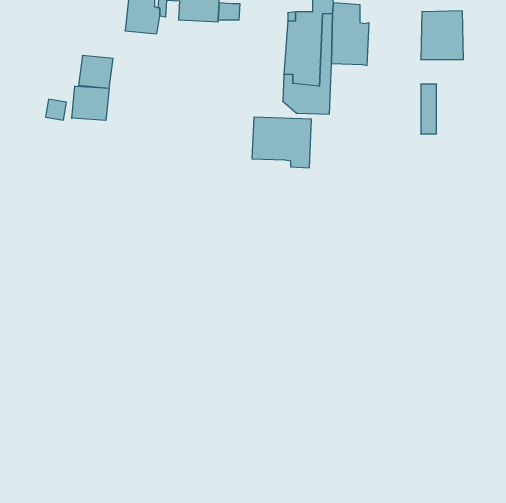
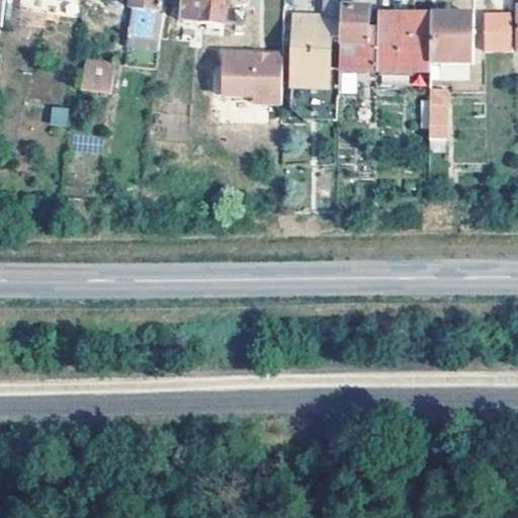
building: none -> [483,10,511,47]
building: none -> [373,12,430,70]
building: [72,86,109,120] -> none
building: [252,117,311,168] -> [221,51,281,102]

